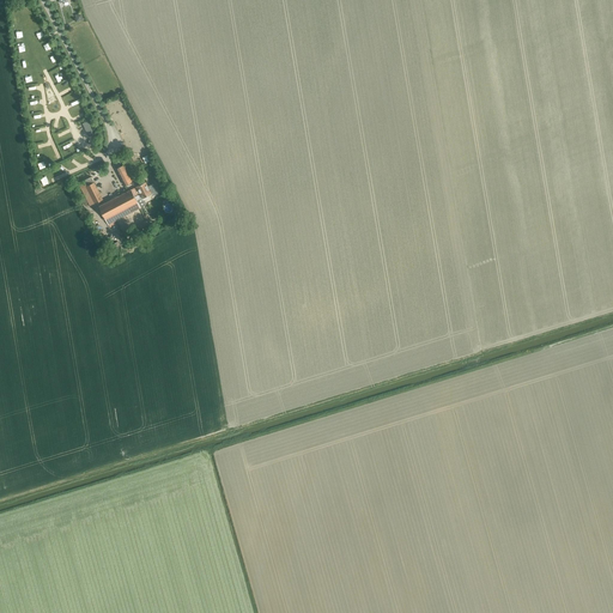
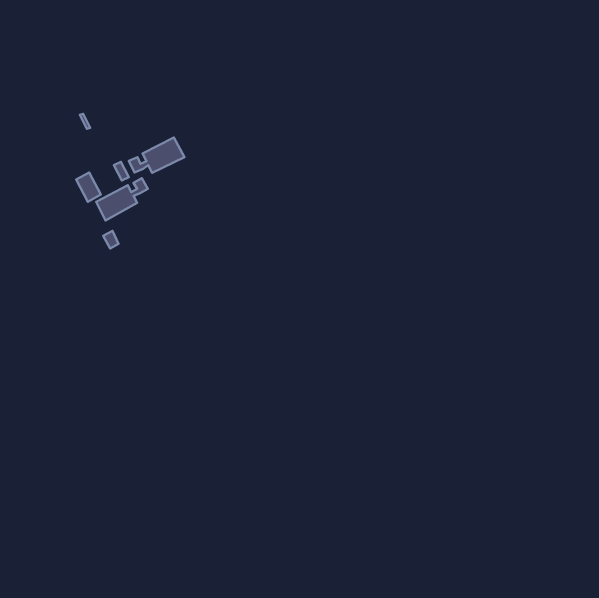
building: none -> [129,137,184,173]

